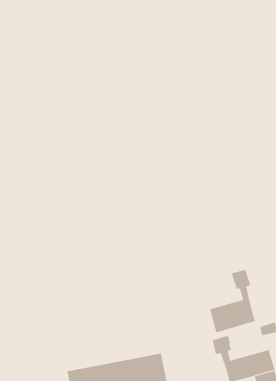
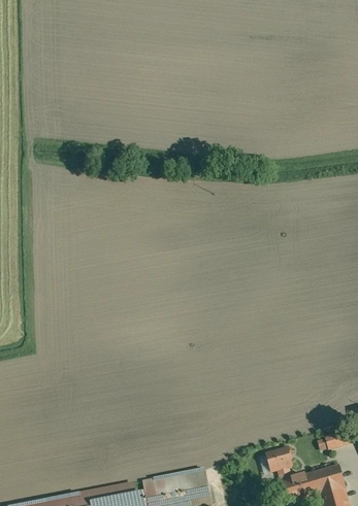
building: [209,269,256,333] -> none

